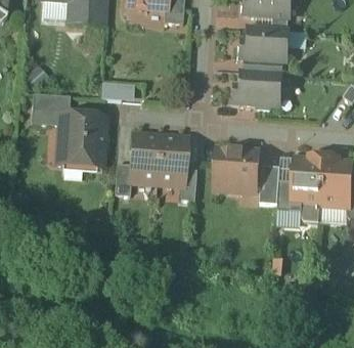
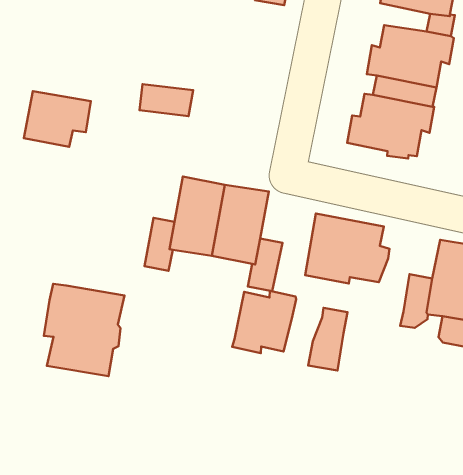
building: [58,116,105,169] -> [44,284,124,376]
building: [260,166,280,204] -> [308,308,348,371]
building: none -> [232,291,296,353]

